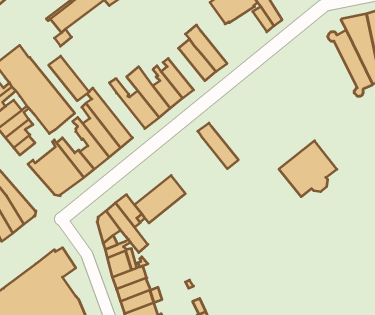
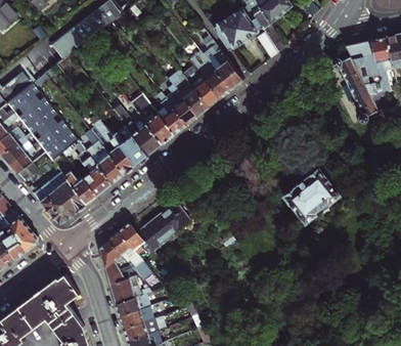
building: none -> [205,38,243,90]
building: [49,56,89,101] -> [107,120,148,165]
building: [198,123,238,169] -> [168,71,209,117]

